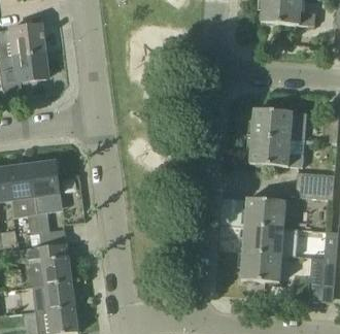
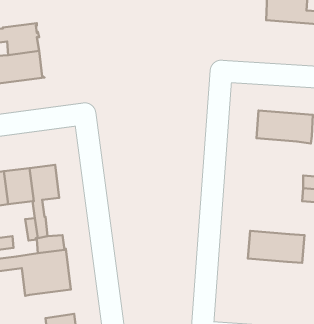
building: [249,135,303,167] -> none
building: [245,197,285,228] -> none
building: [241,252,281,281] -> none
building: [32,281,75,310] -> none

